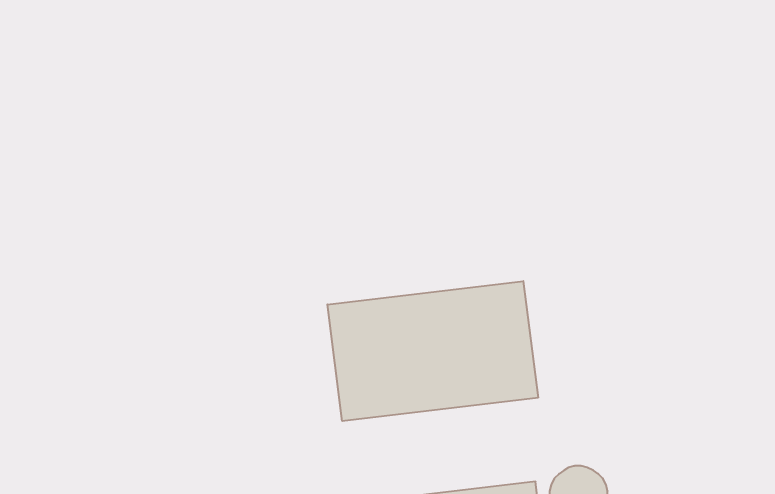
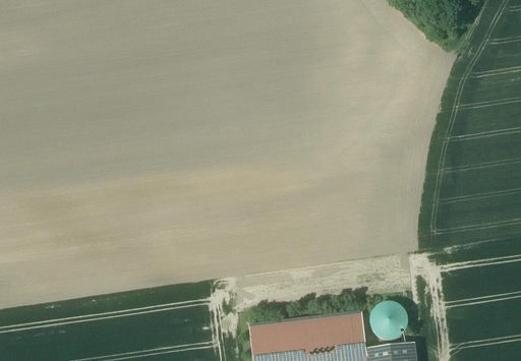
building: [327,281,538,421] -> none

